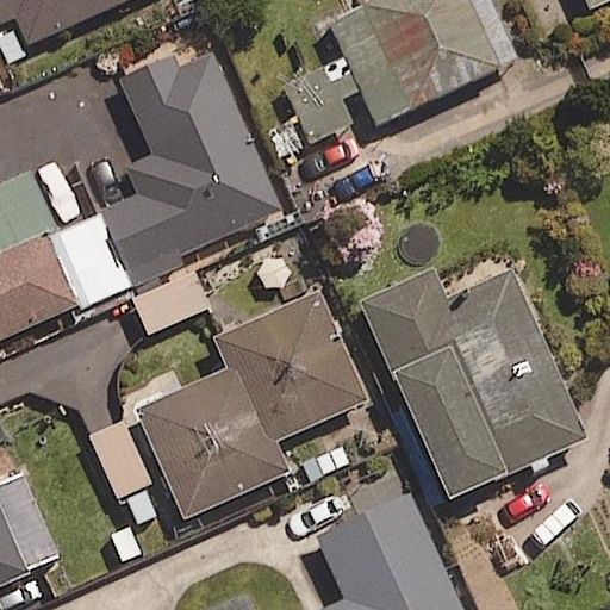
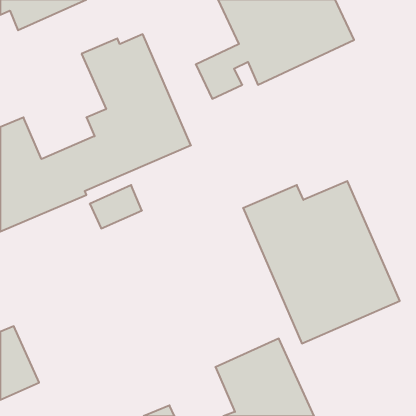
building: [139,295,362,517] -> none

